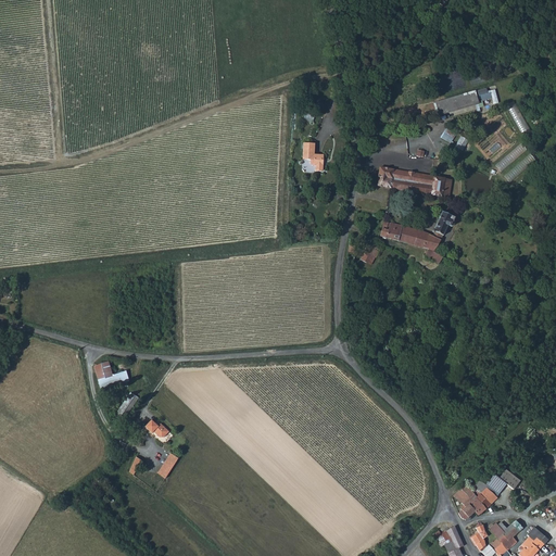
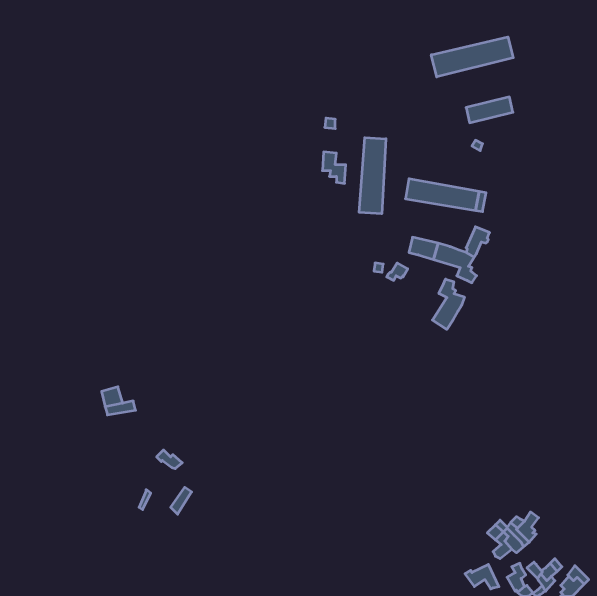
building: none -> [431,37,513,77]
building: none -> [359,138,386,214]
building: none -> [432,279,464,329]

